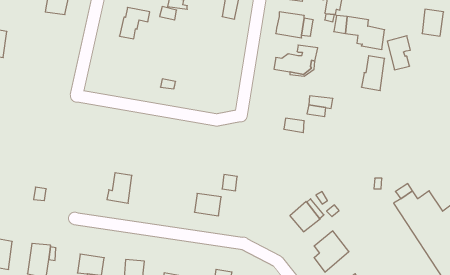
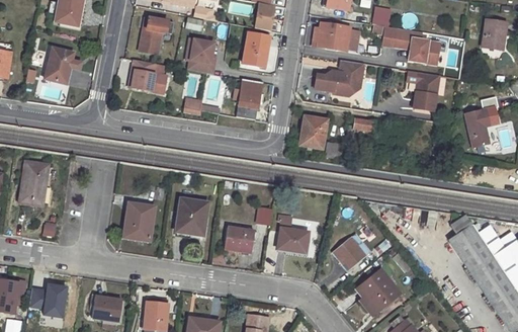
building: none -> [242,32,268,67]
building: none -> [186,38,211,73]
building: none -> [44,48,73,84]
building: [387,36,410,70] -> [464,108,491,147]
building: none -> [131,59,166,93]
building: none -> [236,79,261,118]
building: none -> [299,116,326,148]
building: none -> [19,161,49,206]
building: none -> [175,199,207,236]
building: none -> [277,219,309,253]

